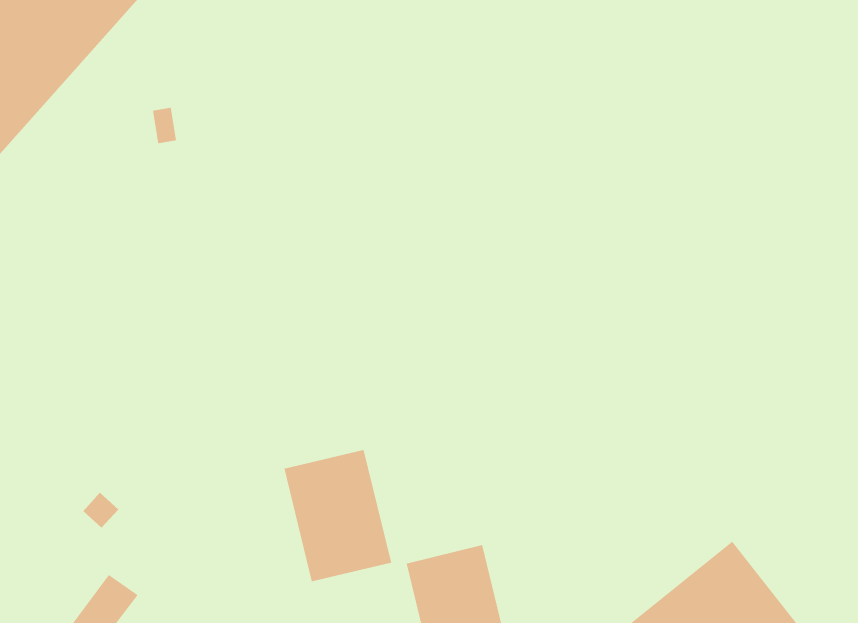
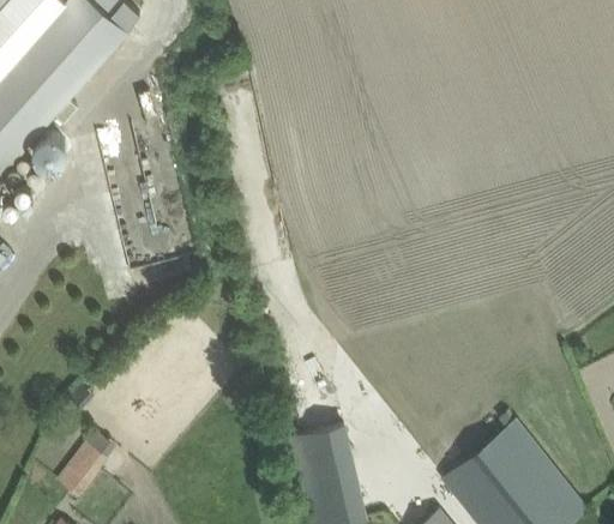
building: [284,449,392,582] -> none

